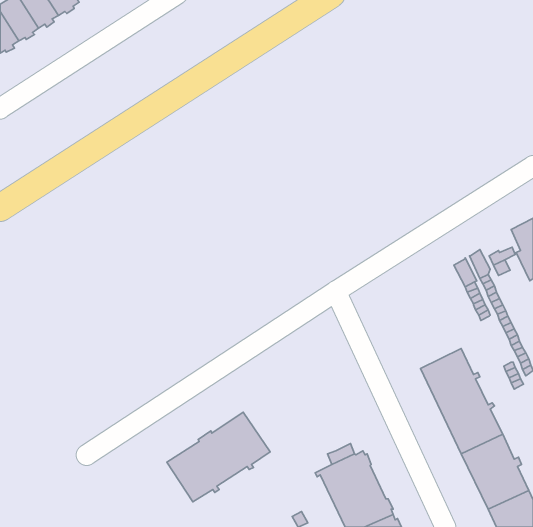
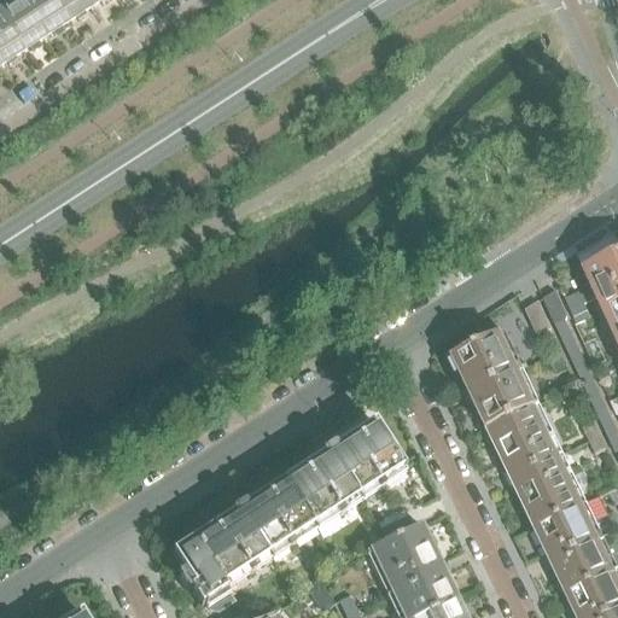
building: none -> [453,330,534,426]
building: none -> [281,418,403,523]
building: none -> [171,535,226,602]

